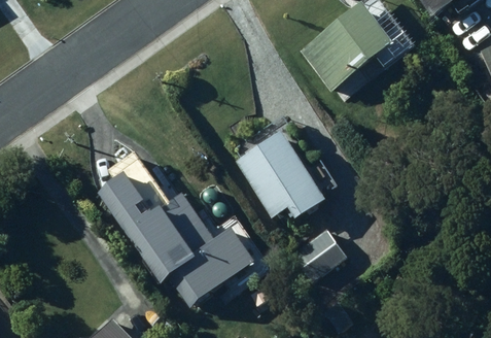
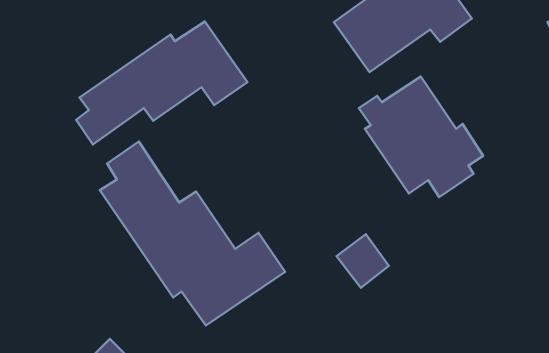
building: none -> [76,21,247,144]
building: [231,121,336,223] -> [359,76,483,197]

